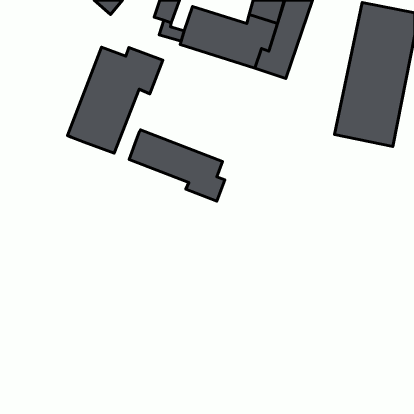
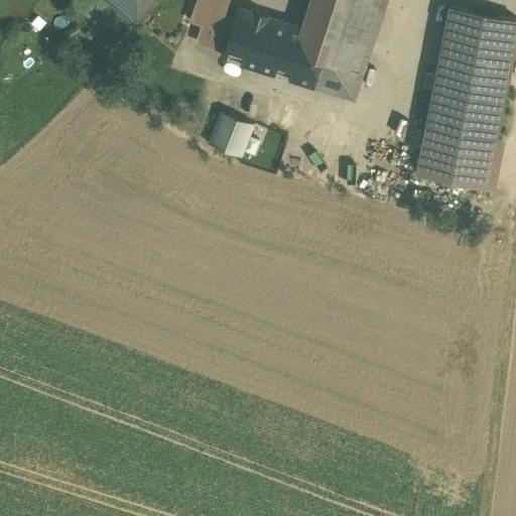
building: [67,47,163,153] -> none
building: none -> [211,111,254,154]
building: [129,130,225,201] -> none

